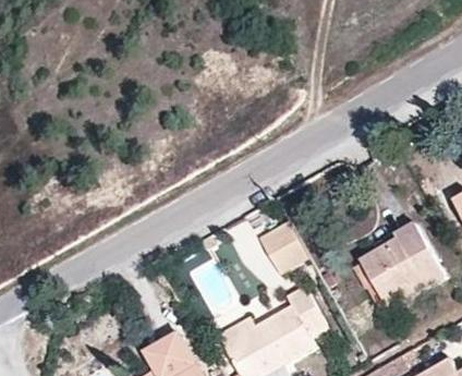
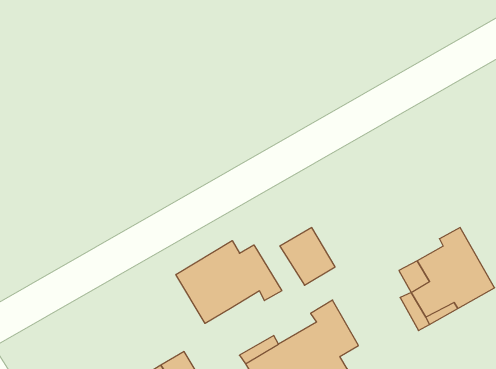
building: none -> [176,241,282,323]

